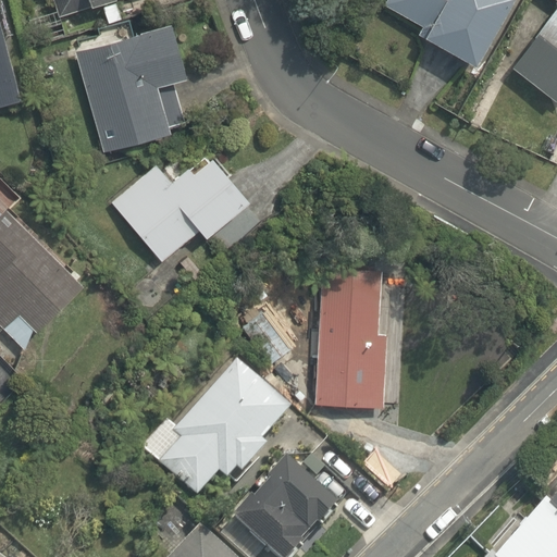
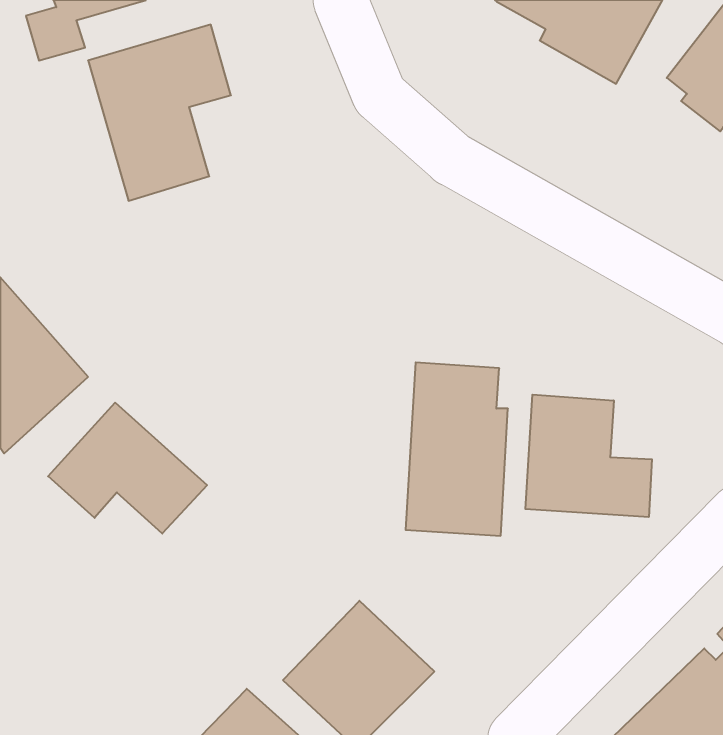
building: [114,148,245,260] -> none
building: none -> [525,395,652,517]
building: none -> [48,403,207,534]
building: [146,359,293,498] -> none

